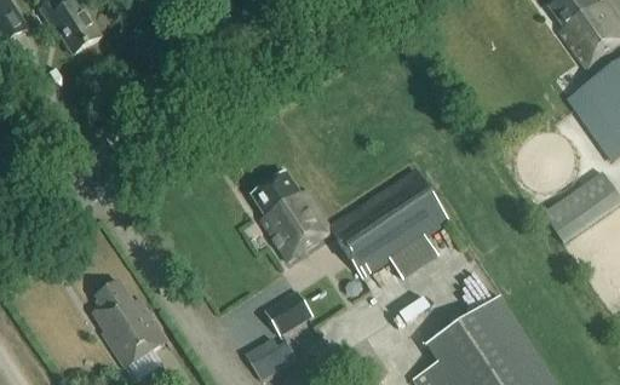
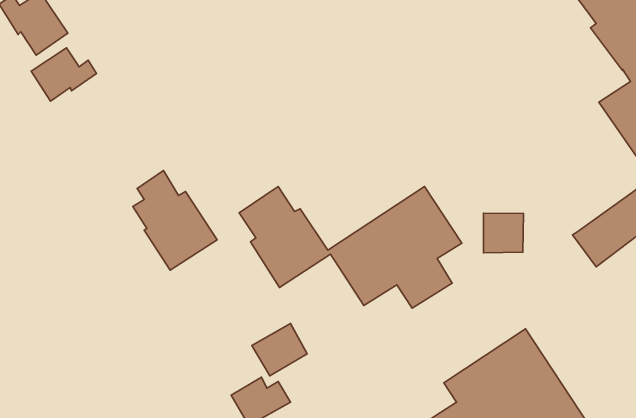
building: none -> [31,48,97,101]
building: none -> [484,213,523,253]
building: [93,281,167,368] -> [133,171,217,270]

